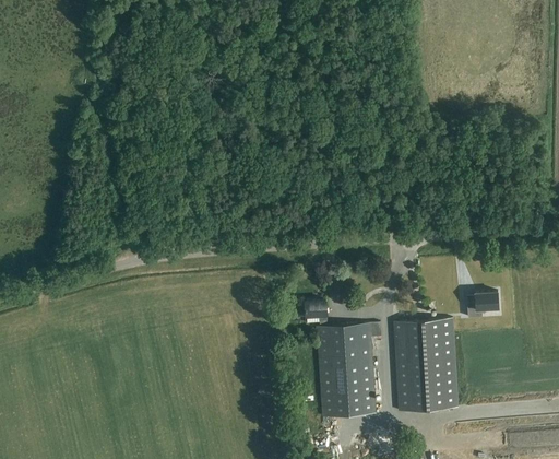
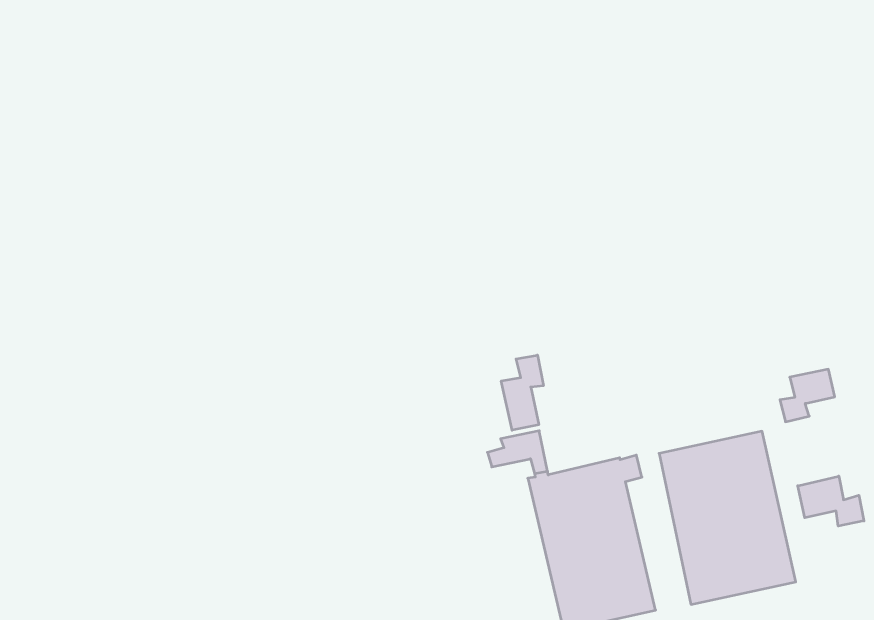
building: none -> [501,355,543,430]
building: none -> [798,476,864,526]

